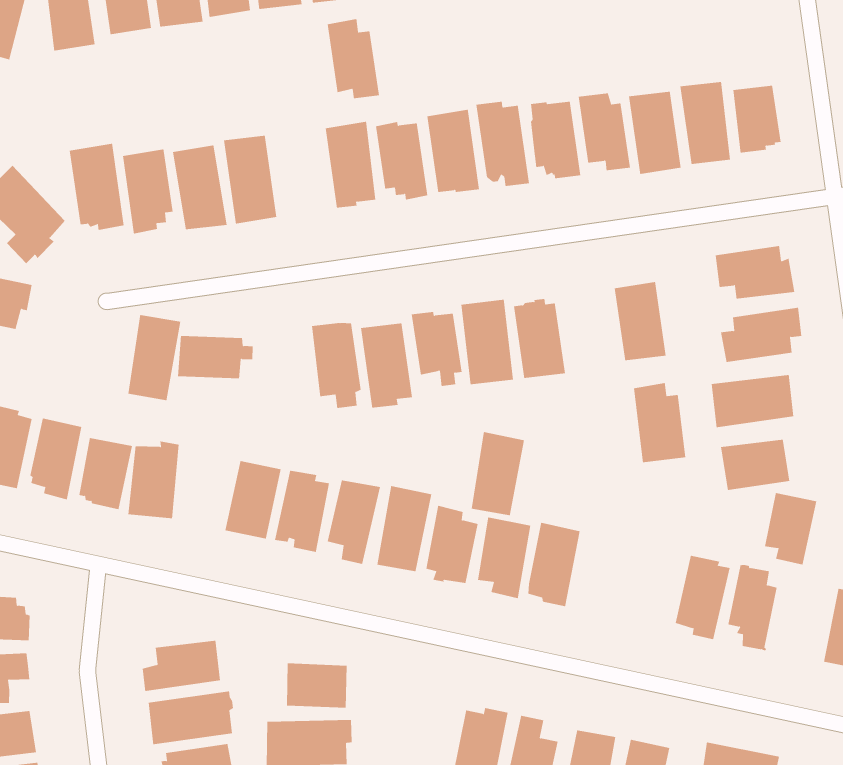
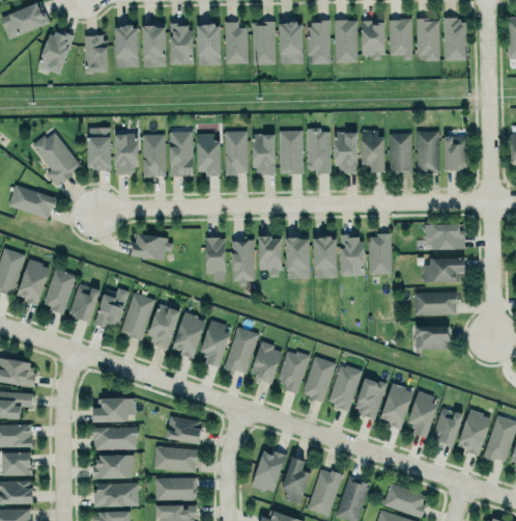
building: [327,19,380,99] -> [198,134,222,176]
building: [127,315,181,401] -> [121,293,154,340]
building: [633,382,686,463] -> [341,235,365,276]
building: [471,432,525,516] -> [328,364,362,411]
building: [764,493,817,565] -> [433,408,464,448]
building: none -> [355,379,388,420]

